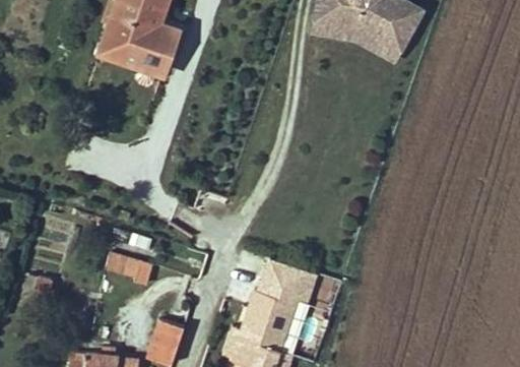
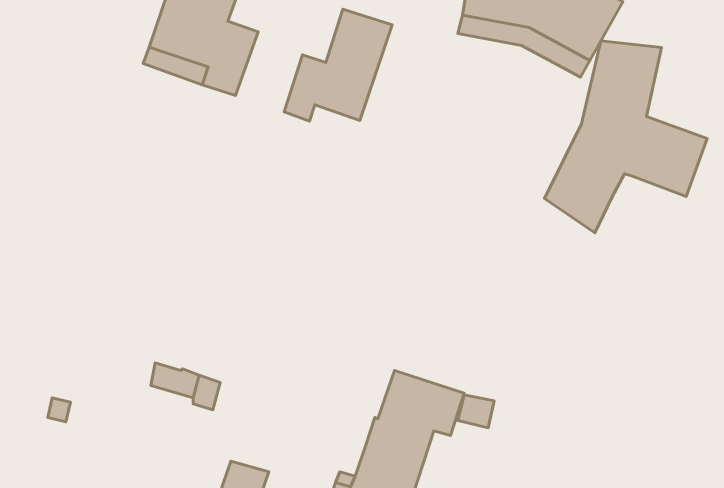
building: none -> [284,9,392,121]
building: none -> [544,41,707,233]

